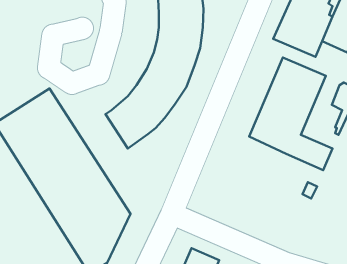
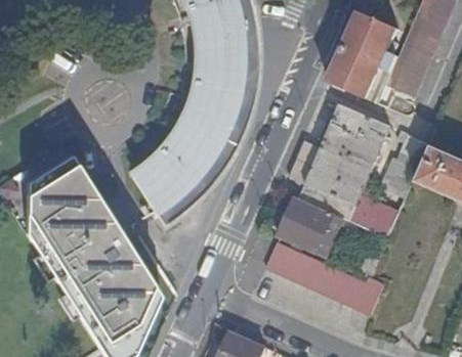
building: none -> [279,197,344,259]
building: none -> [267,243,385,315]

